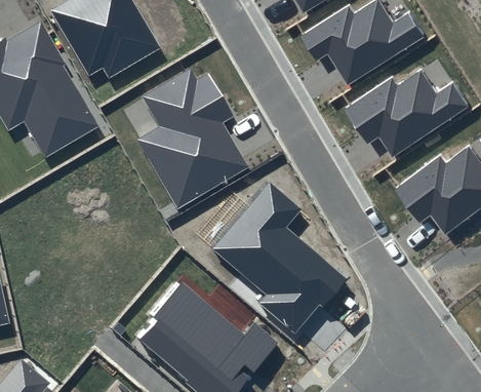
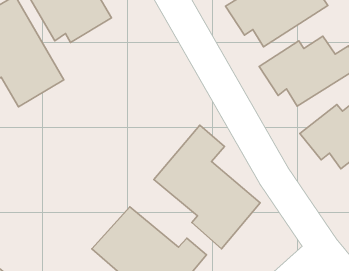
building: [135,68,248,209] -> none

